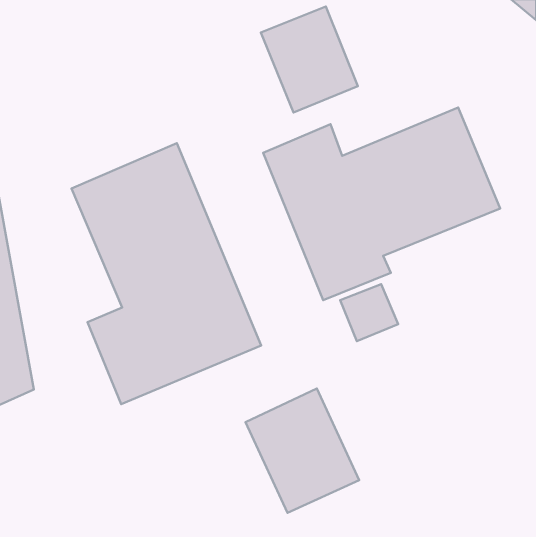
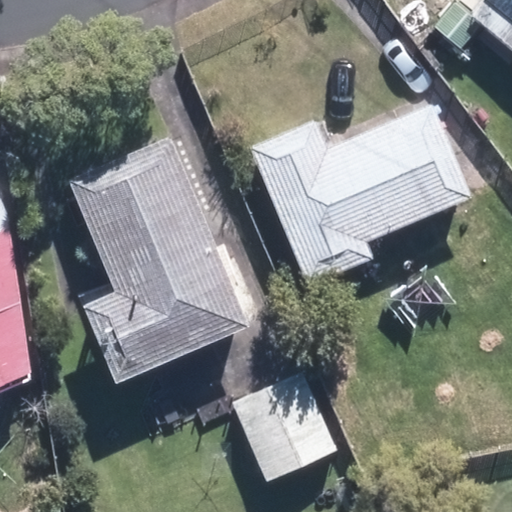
building: [261,7,358,112] -> none

